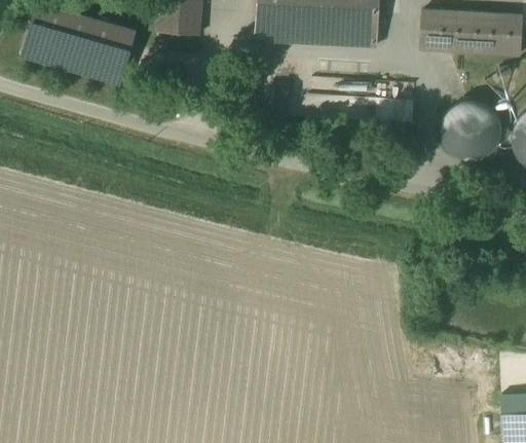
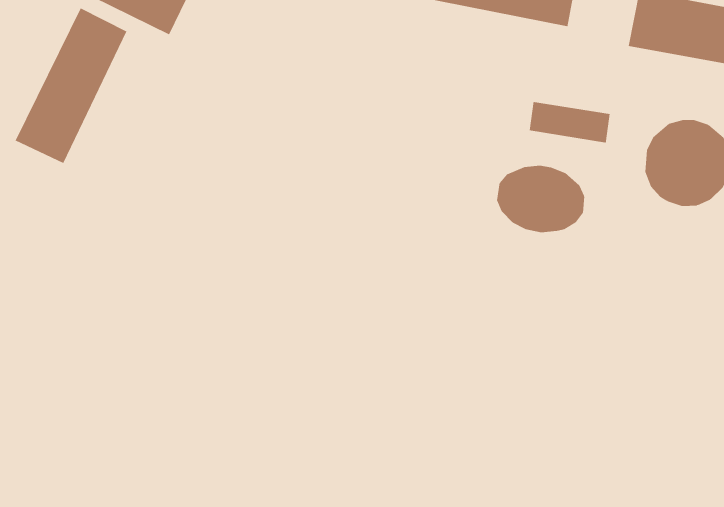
building: none -> [15,7,127,164]
building: none -> [496,165,585,233]

